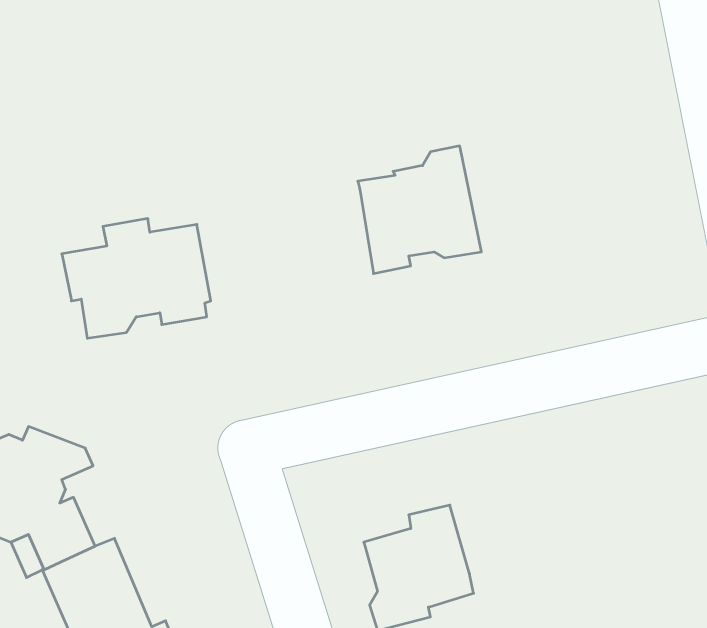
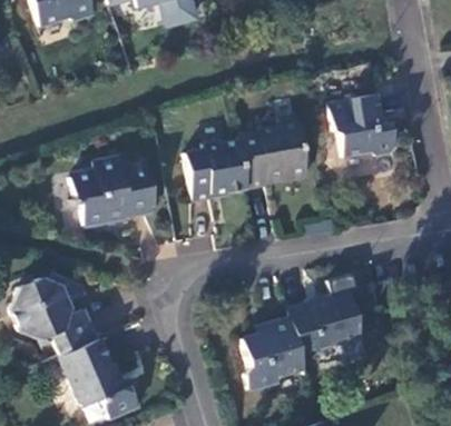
building: none -> [330,92,396,157]
building: none -> [186,140,248,200]
building: none -> [288,293,363,358]

